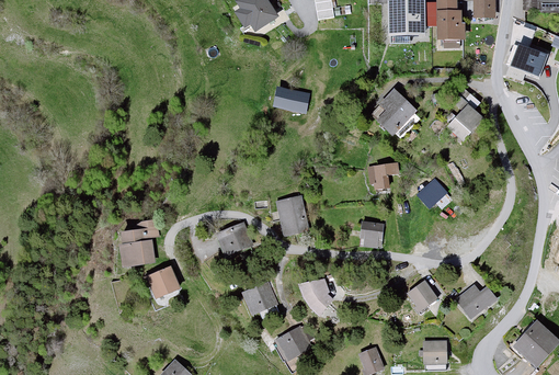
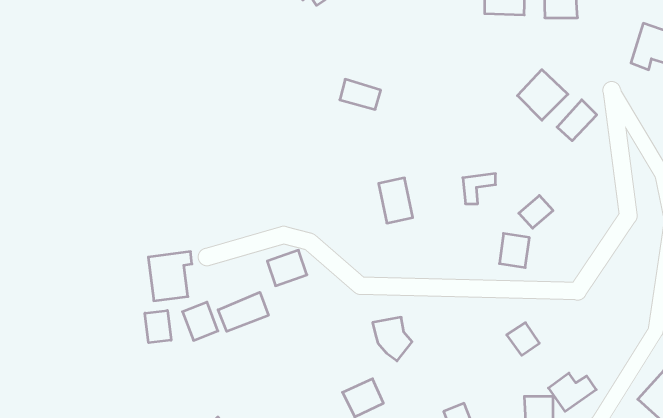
building: [374,90,414,130] -> [517,70,568,120]
building: [278,197,306,234] -> [379,178,413,223]
building: [360,221,384,249] -> [499,233,529,268]
building: none -> [218,292,268,331]
building: none -> [145,310,171,343]
building: [246,283,276,312] -> none
building: [457,285,495,316] -> [548,373,596,411]

